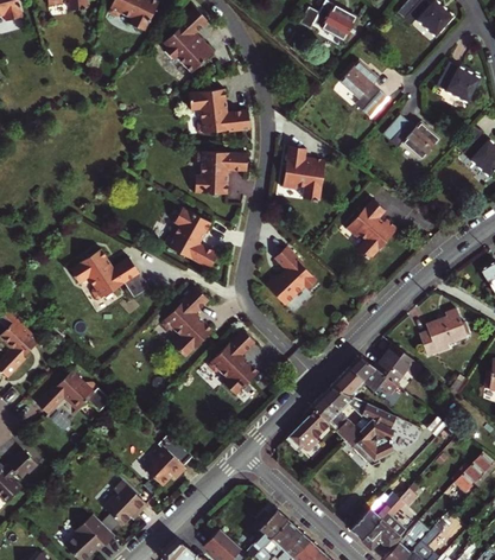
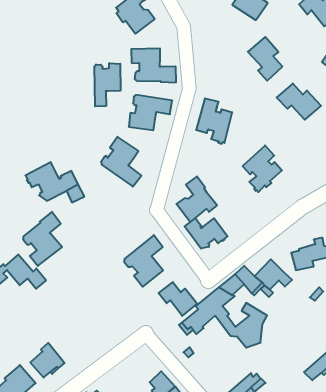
building: none -> [94,63,120,106]
building: [161,286,212,357] -> [23,212,62,266]
building: none -> [185,218,228,249]
building: none -> [159,282,197,316]
building: [142,434,190,485] -> none

